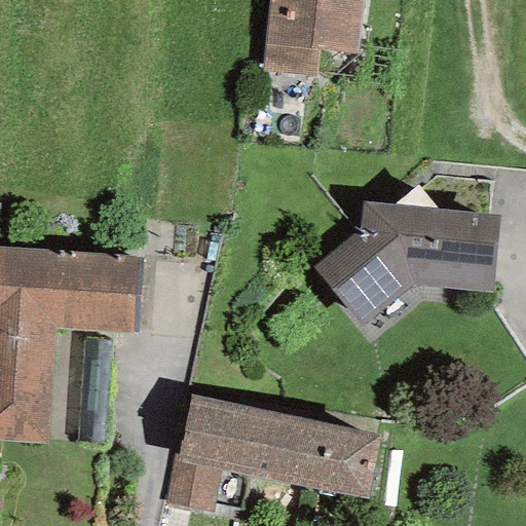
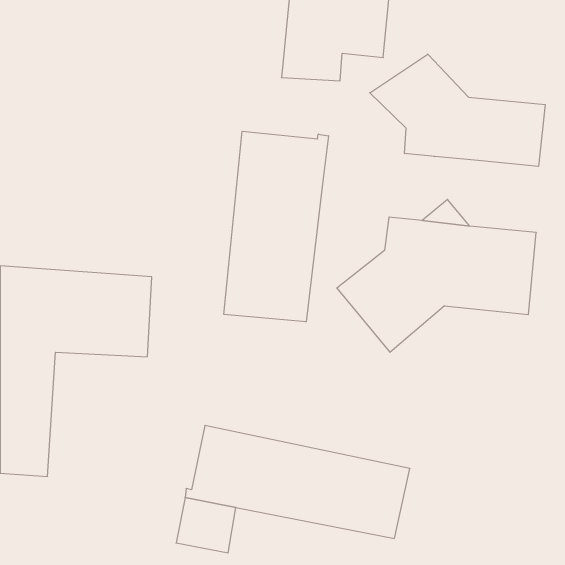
building: none -> [370,54,545,166]
building: none -> [224,131,328,322]

